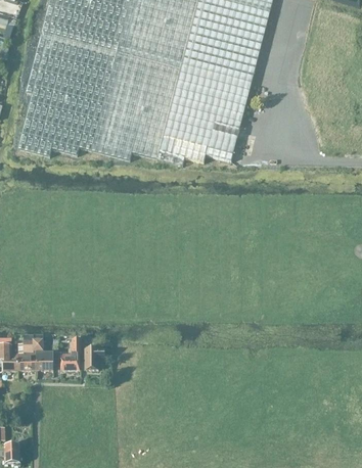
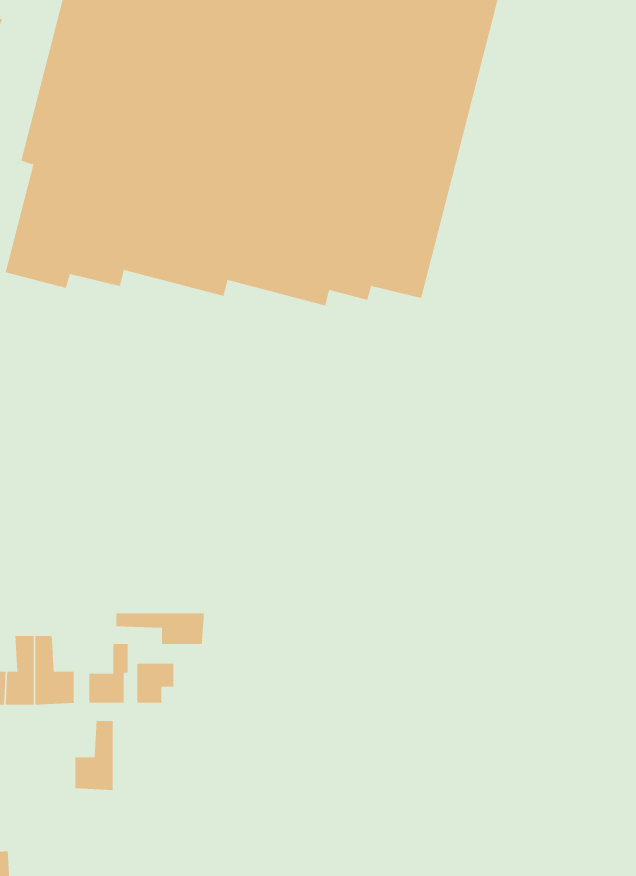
building: none -> [116,612,205,645]
building: none -> [75,720,113,791]

